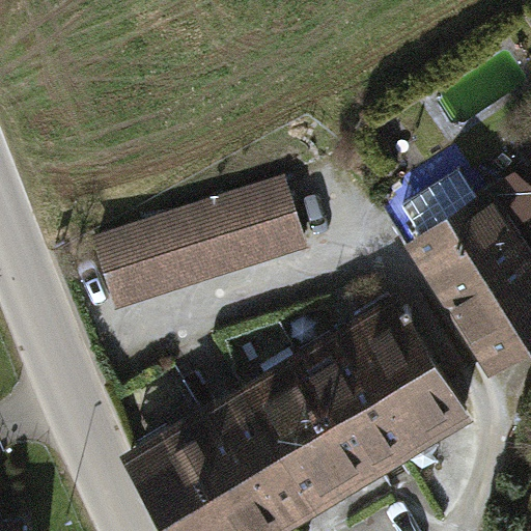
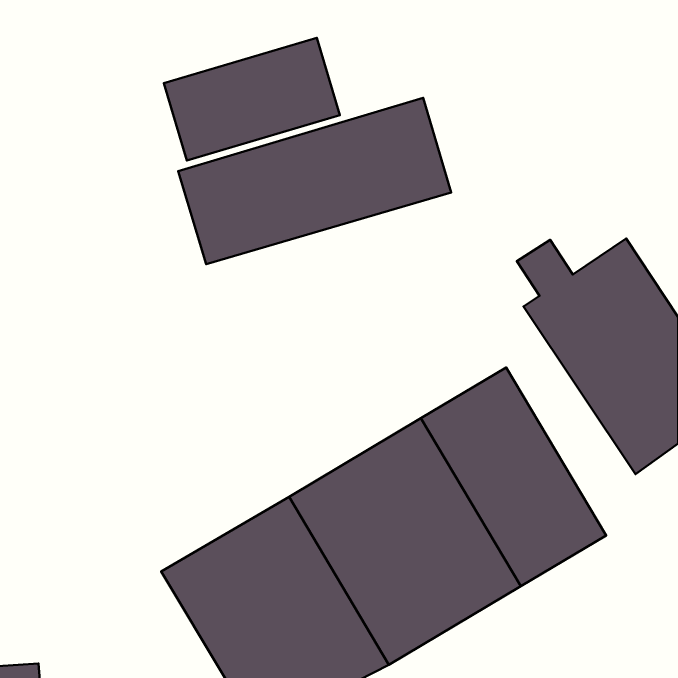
building: none -> [164,38,340,161]
building: [94,184,307,313] -> [178,98,451,264]

